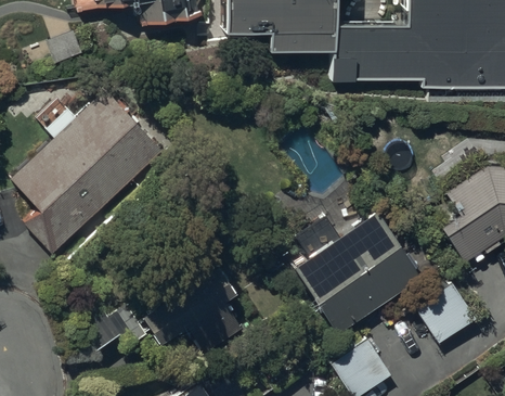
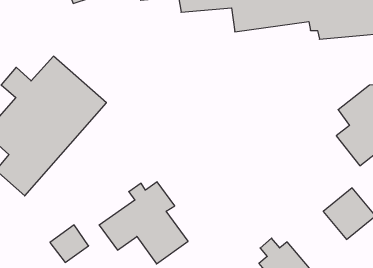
building: [294,195,433,325] -> none

